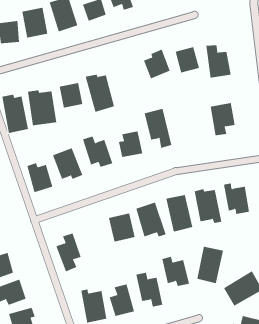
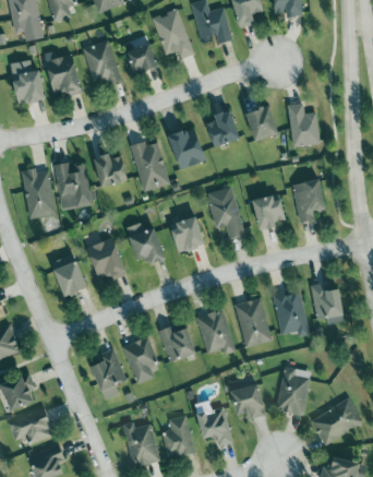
building: none -> [168,127,206,170]
building: none -> [253,194,285,230]
building: none -> [122,337,156,383]

